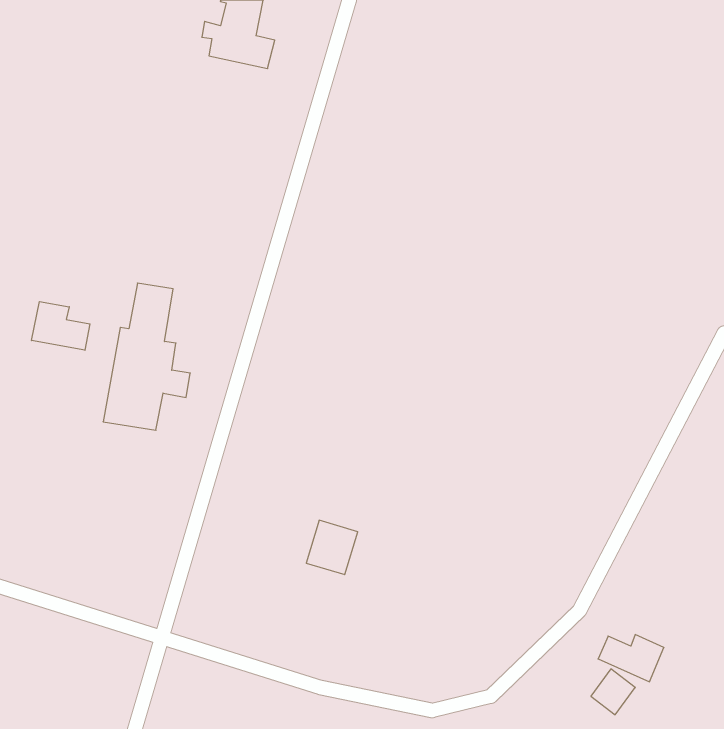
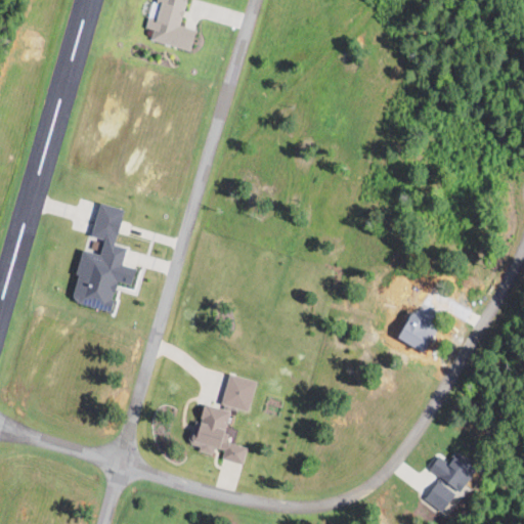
building: [32,302,90,350] -> none
building: none -> [398,312,438,353]
building: none -> [195,404,247,465]

